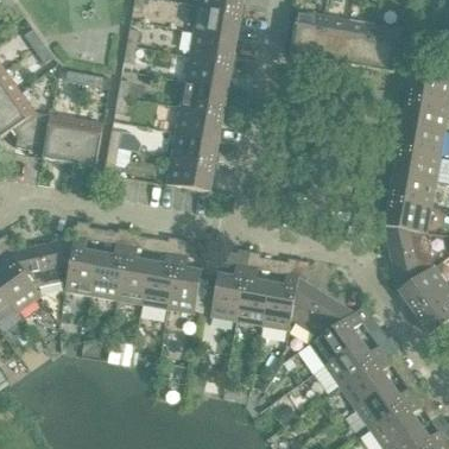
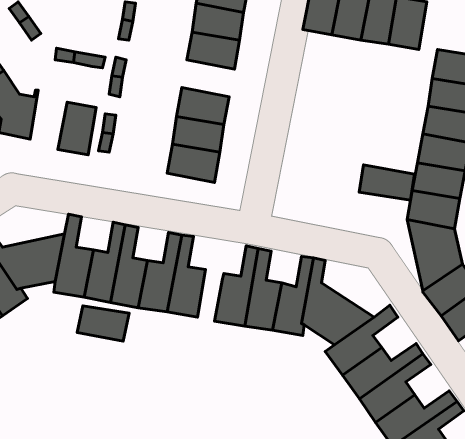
building: [181,81,228,114] -> none
building: [43,108,77,162] -> none
building: none -> [359,165,415,200]
building: none -> [77,306,129,341]

